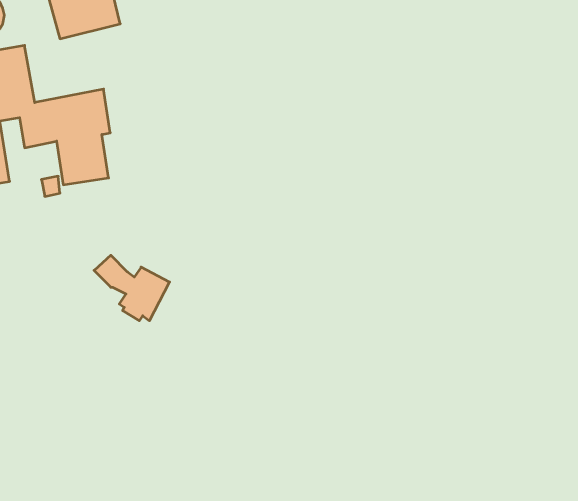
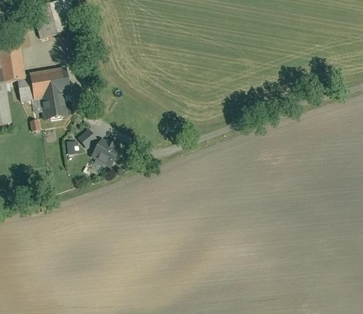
building: [94,255,170,321] -> [77,128,122,167]

